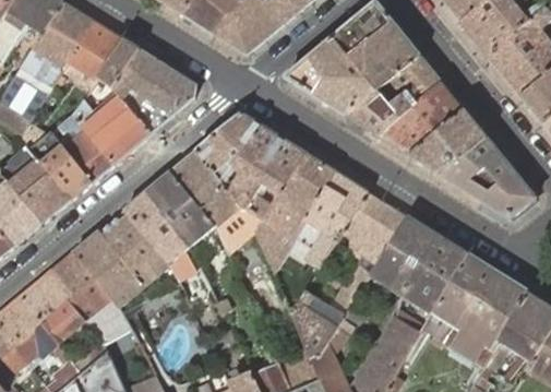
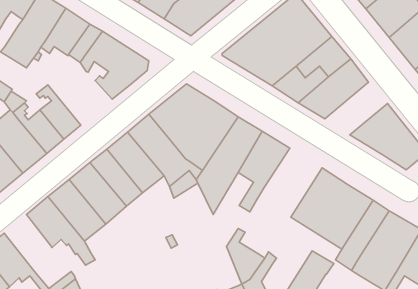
building: [72,98,151,164] -> none
building: [410,111,487,176] -> none
building: [326,192,407,318] -> none
building: [19,273,80,343] -> none

